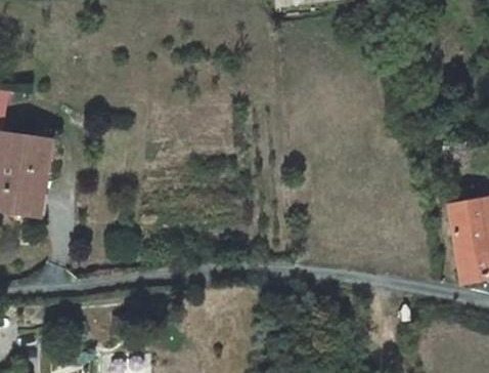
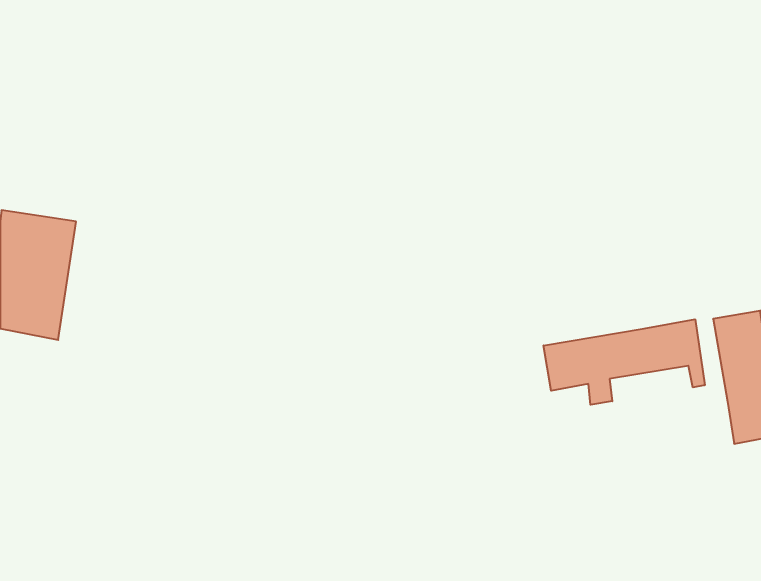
building: none -> [544,319,705,405]

